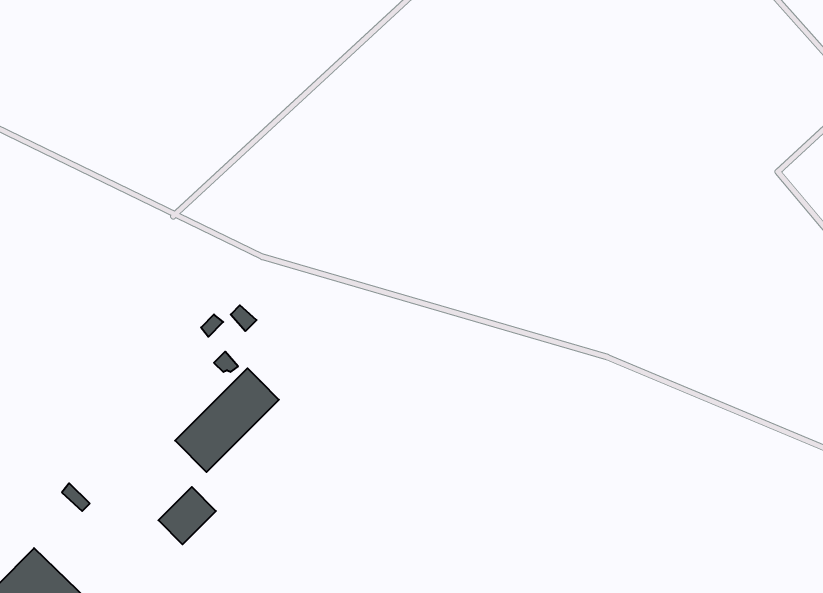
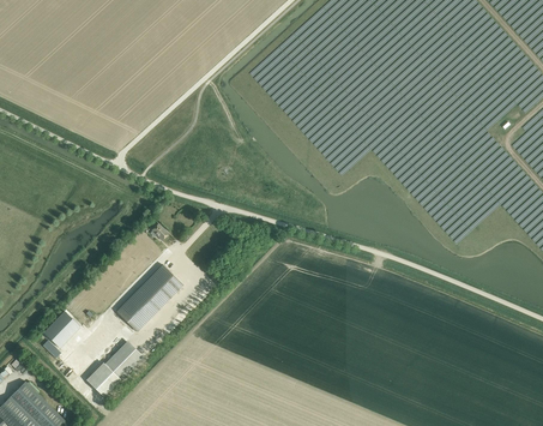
building: none -> [42,311,79,347]
building: none -> [85,362,120,397]

